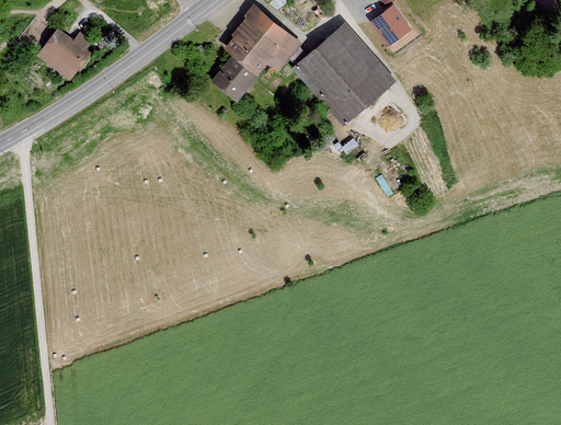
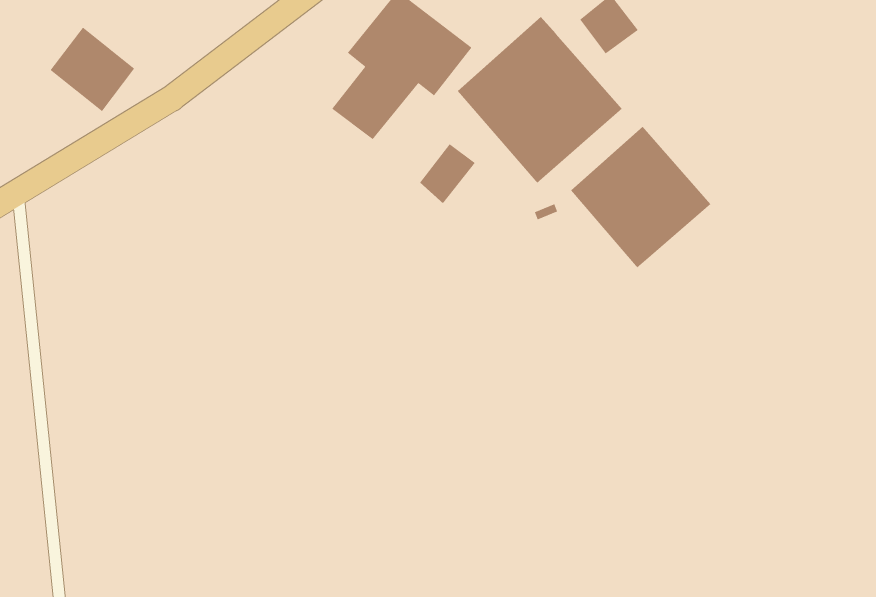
building: none -> [570,126,711,268]
building: none -> [419,143,476,204]

